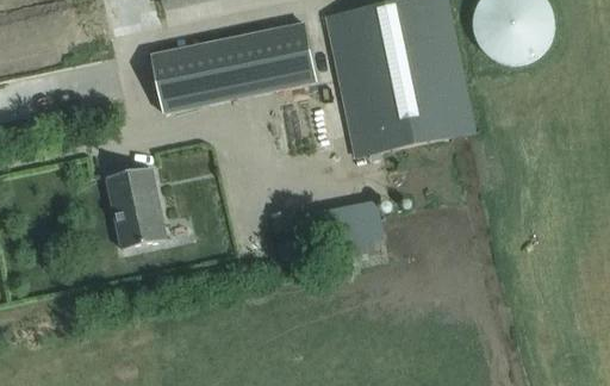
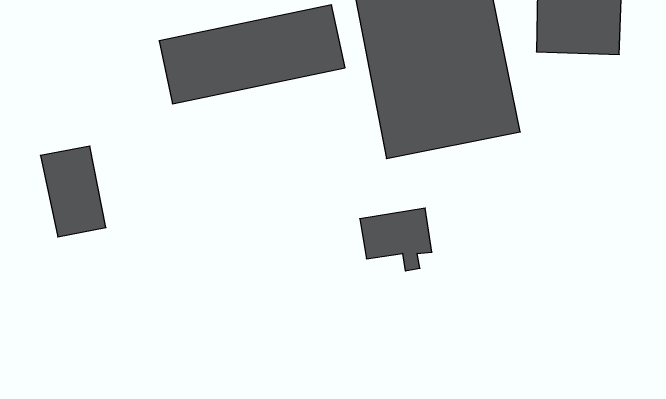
building: [105,166,163,247] -> [40,146,106,237]

